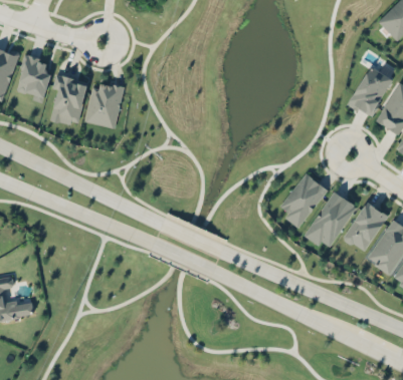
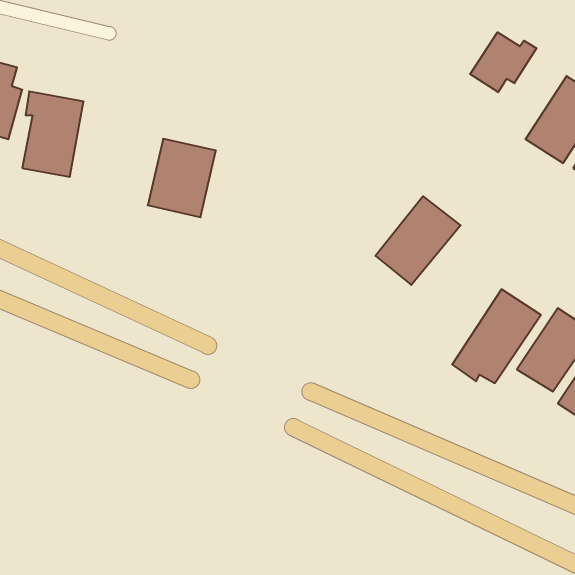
building: none -> [470,32,536,92]
building: [84,81,125,127] -> [148,139,216,217]
building: [278,172,329,225] -> [375,196,461,285]

